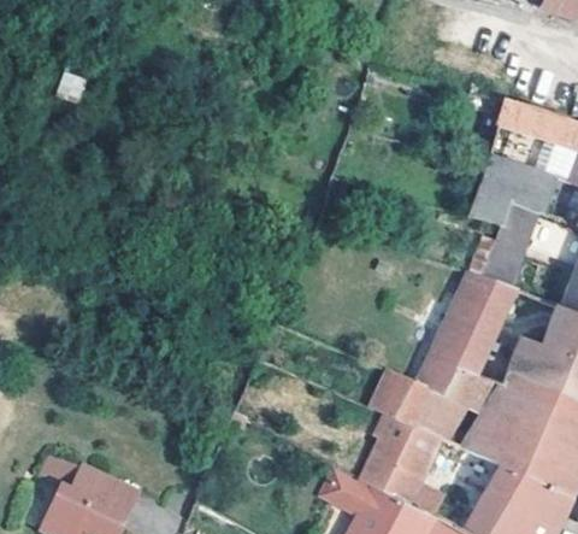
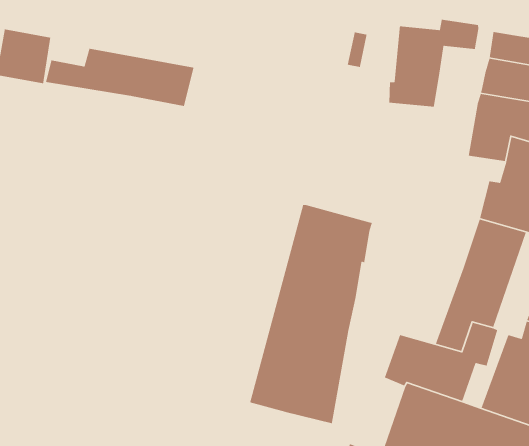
building: none -> [45,48,195,107]
building: none -> [388,19,479,107]
building: none -> [249,204,373,424]

